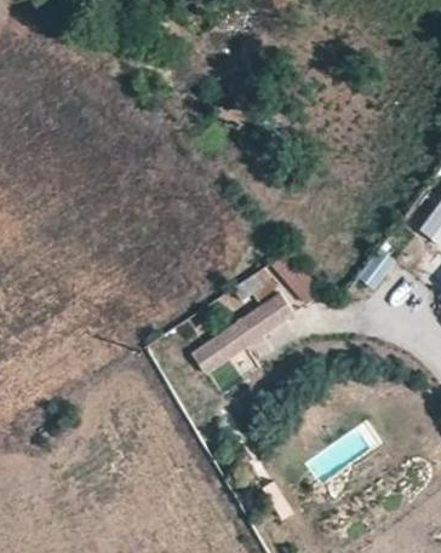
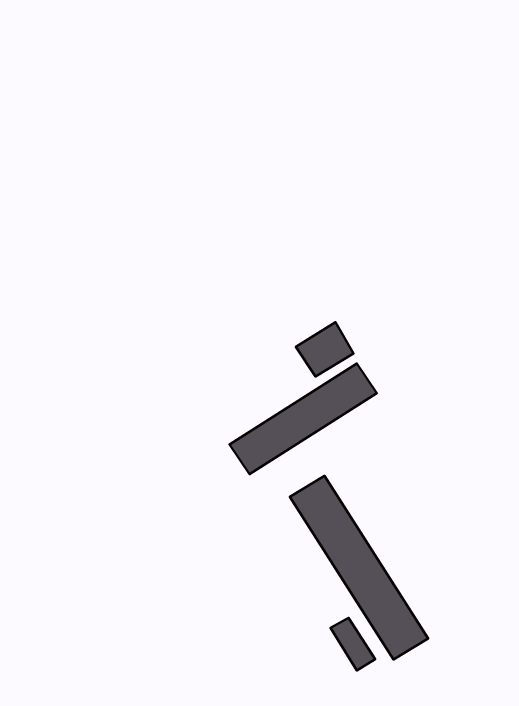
building: none -> [290,476,428,659]

